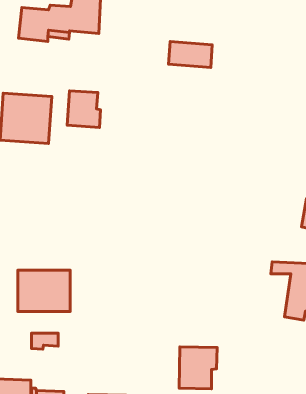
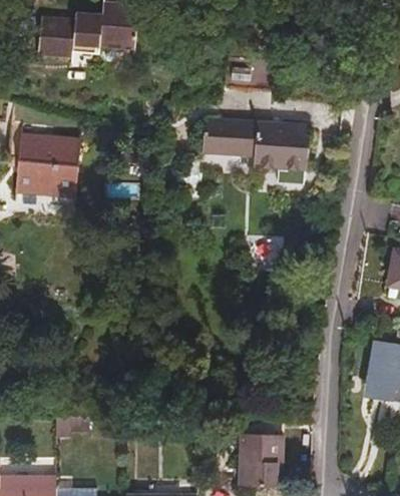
building: none -> [203,116,310,171]
building: [67,91,100,127] -> none
building: [18,270,70,312] -> none

